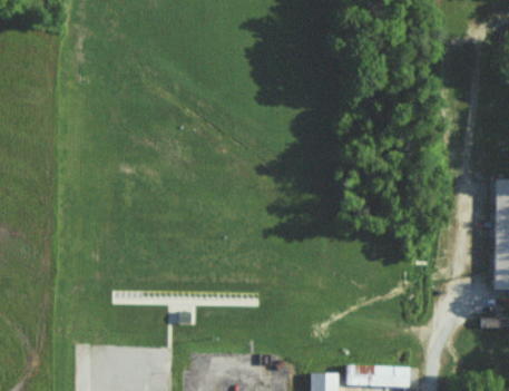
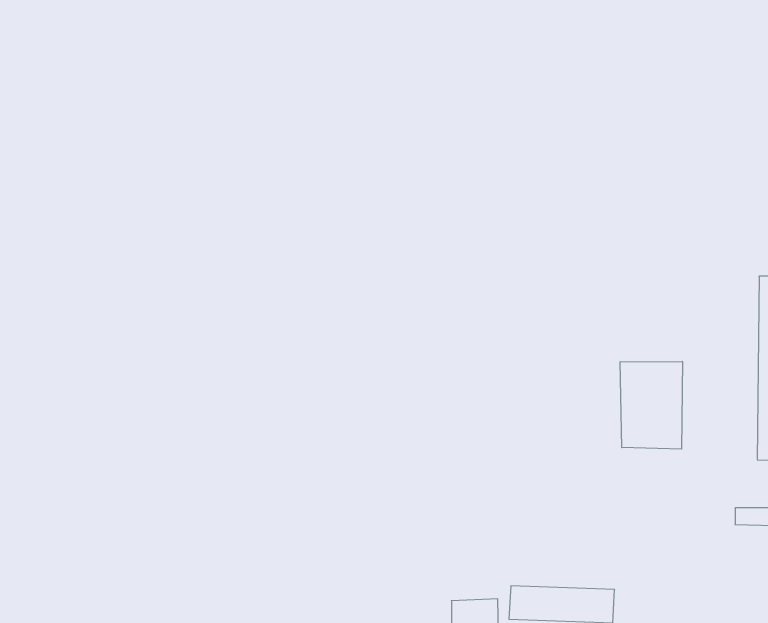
building: none -> [620,361,682,449]

